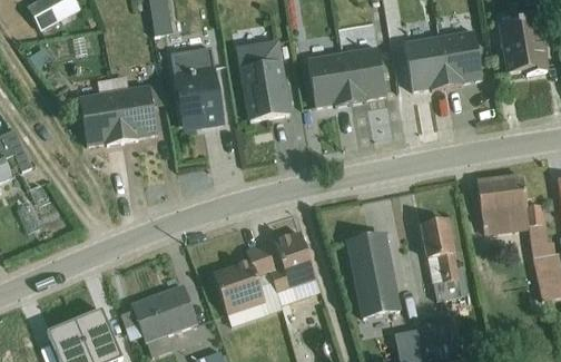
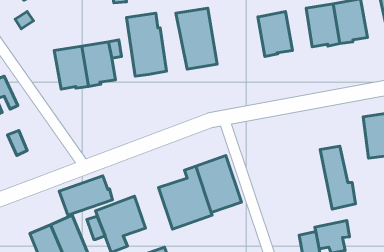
building: [307,52,351,107] -> none
building: [347,234,401,319] -> none
building: none -> [59,176,113,215]

